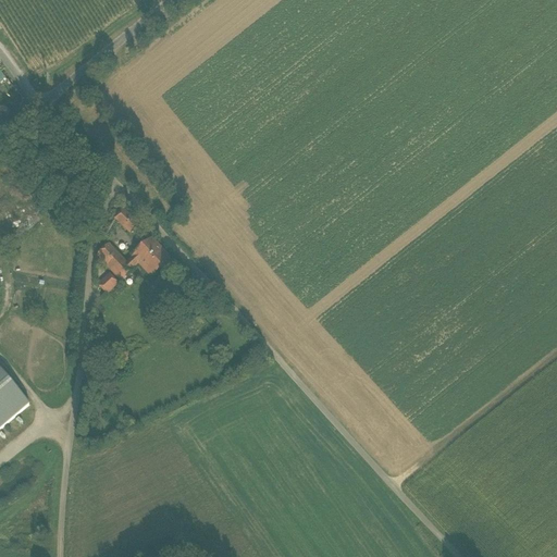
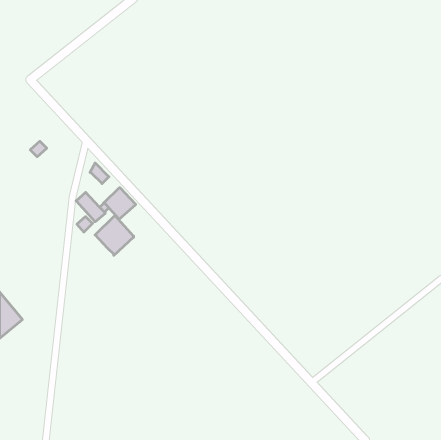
building: none -> [95,216,134,255]

